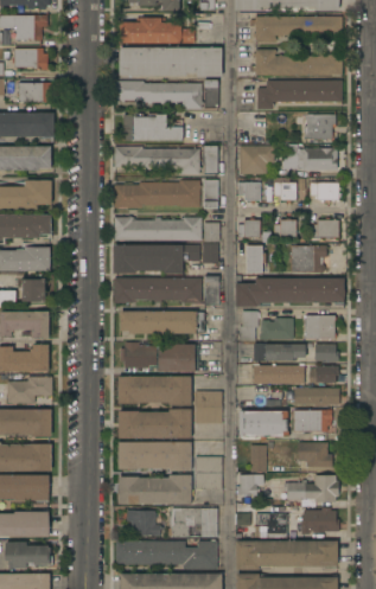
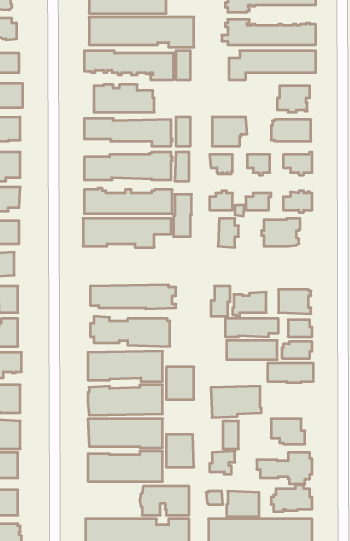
building: [114,276,218,306] -> none
building: [234,276,345,307] -> none
building: [291,410,332,434] -> none
building: [127,511,161,536] -> none

